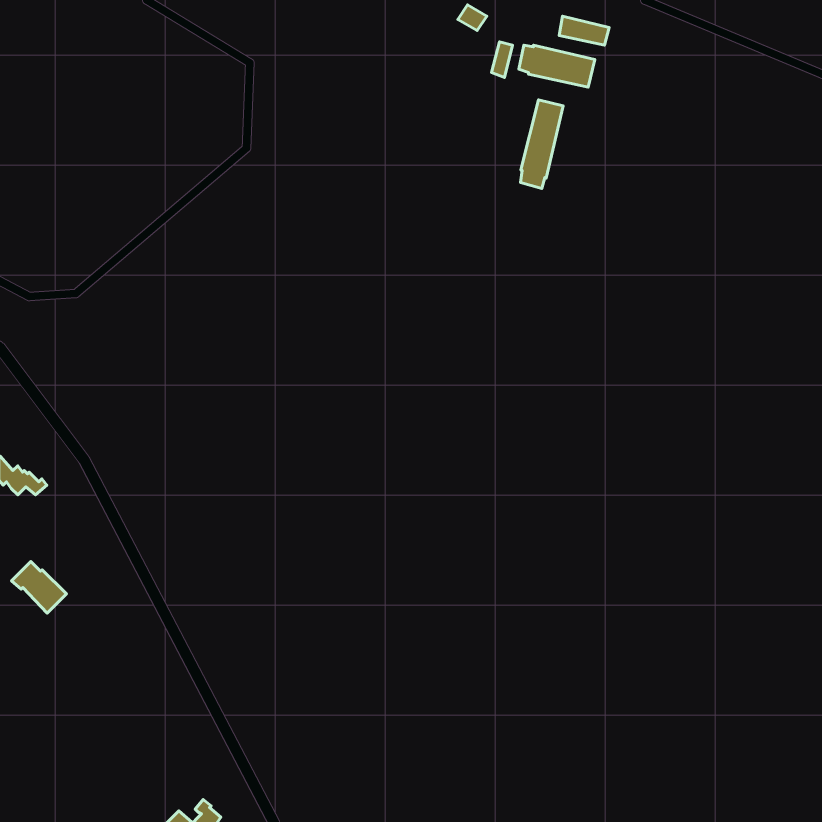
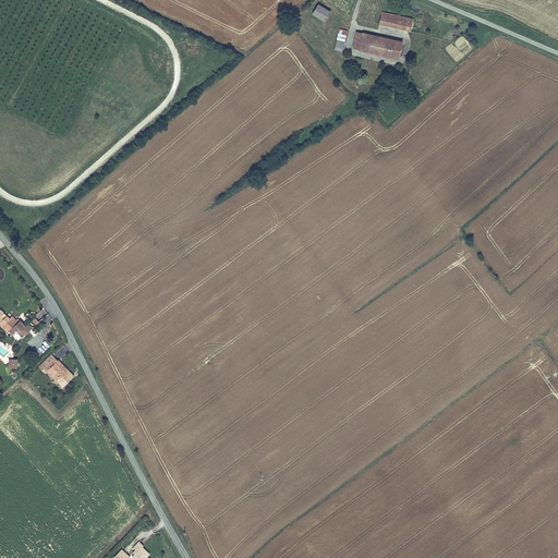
building: [520,100,563,188] -> none
building: [12,562,66,613] -> [37,355,74,390]

